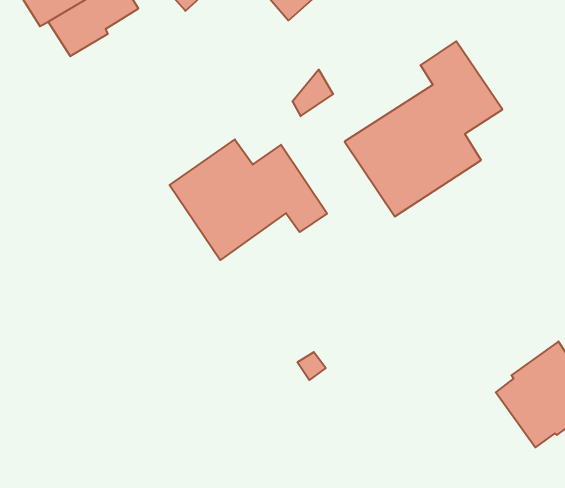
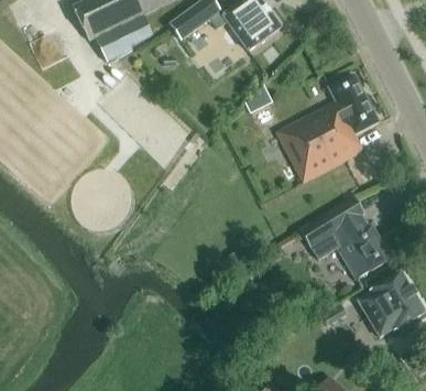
building: [170,139,327,260] -> none
building: none -> [301,196,392,278]

